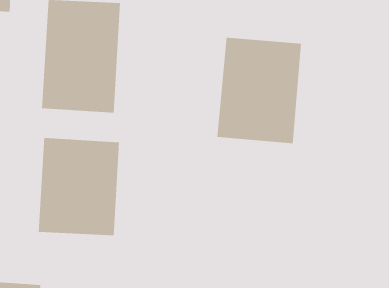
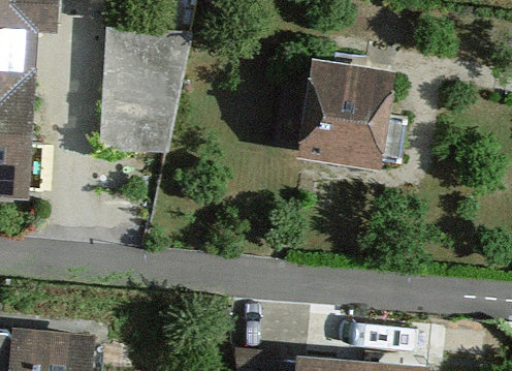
building: [38,137,120,236] -> none

